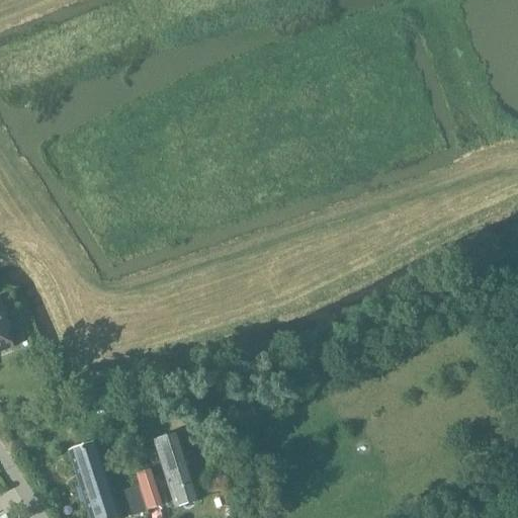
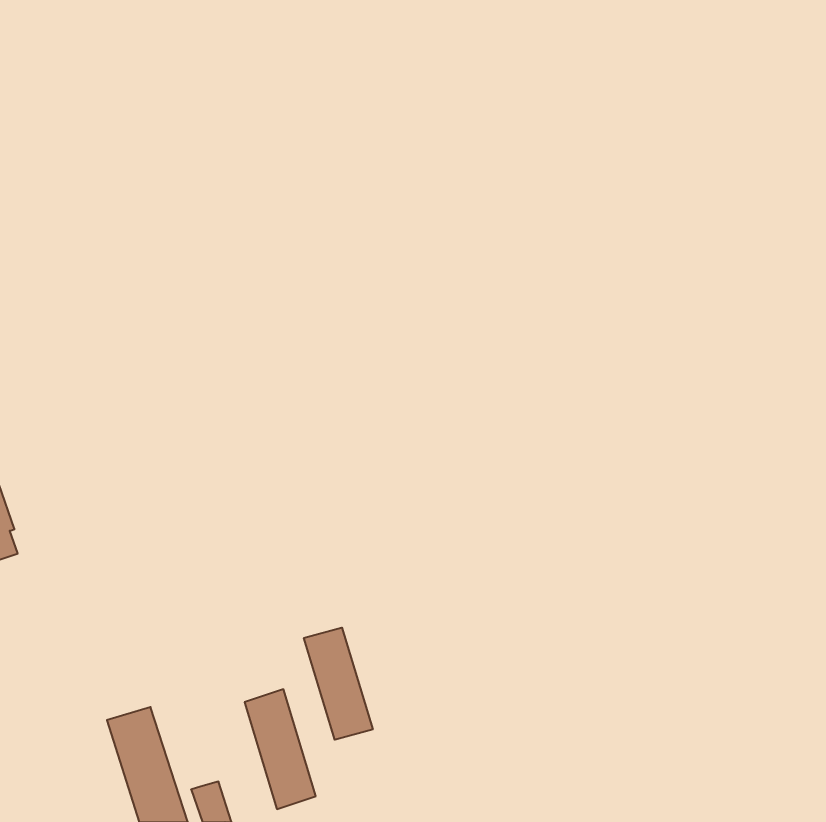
building: none -> [304,628,373,740]
building: [134,468,161,509] -> none

